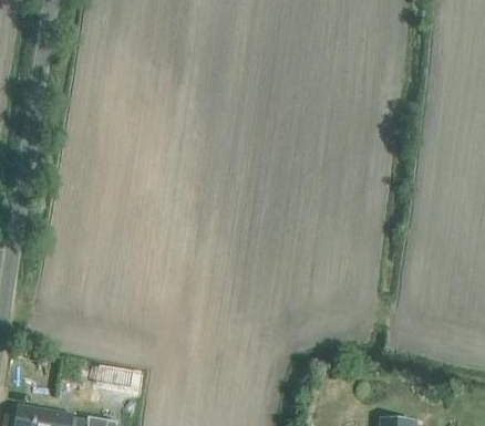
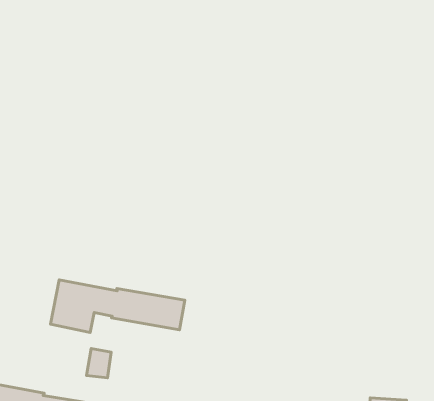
building: none -> [50,280,185,332]

